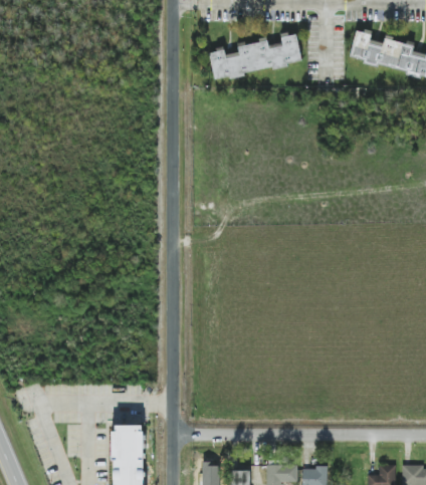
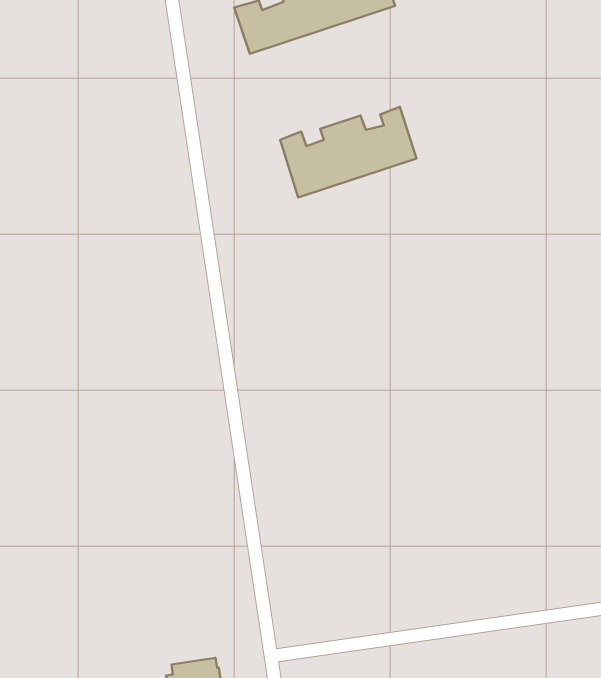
building: none -> [280,107,417,198]

